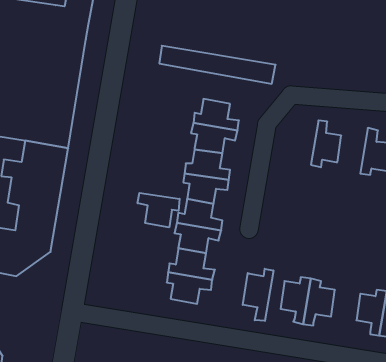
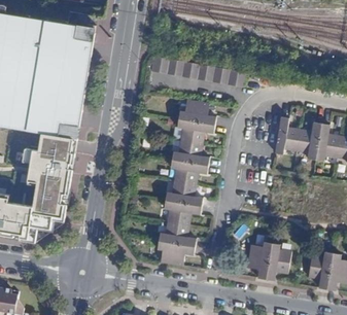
building: none -> [296,120,320,159]
building: [138,193,180,227] -> none
building: [243,269,273,321] -> none

